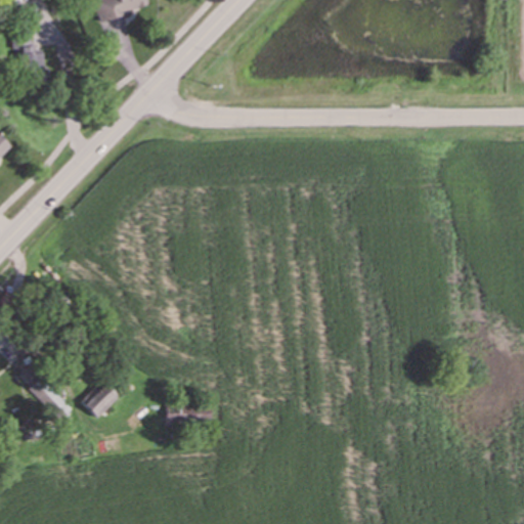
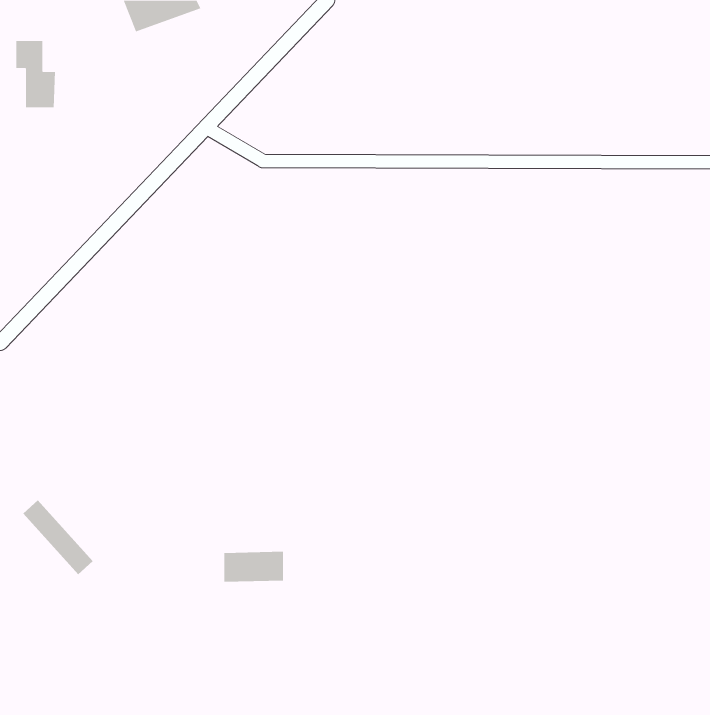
building: [82,381,119,419] -> none

